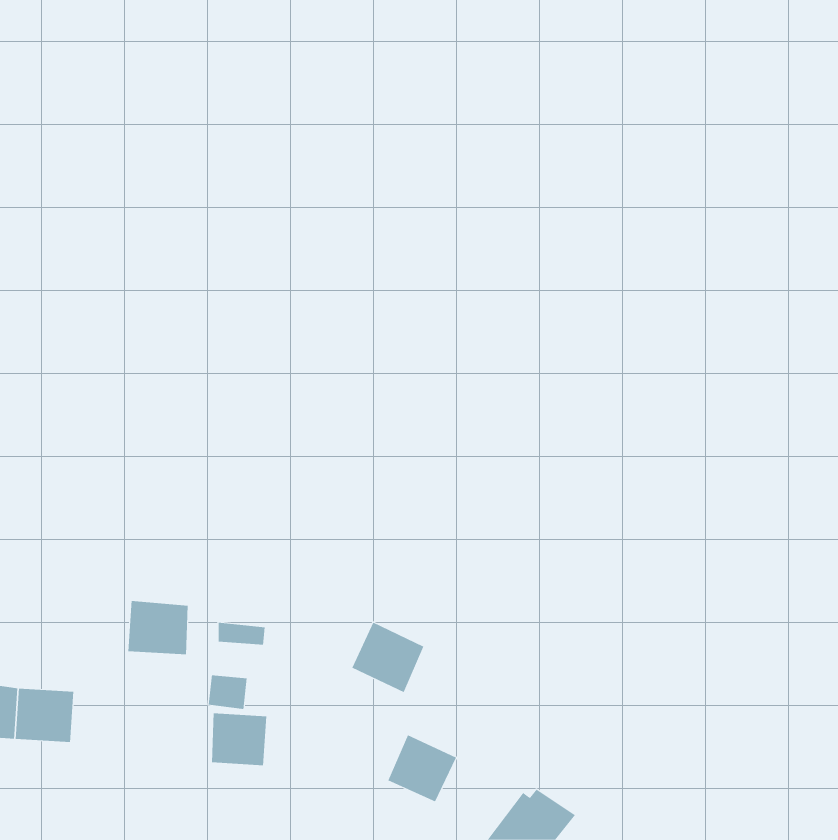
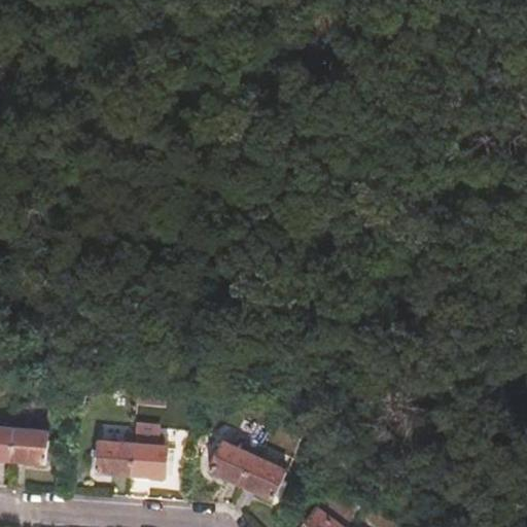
building: [128,601,189,655] -> [95,442,133,476]
building: [351,622,424,693] -> [209,443,254,487]

